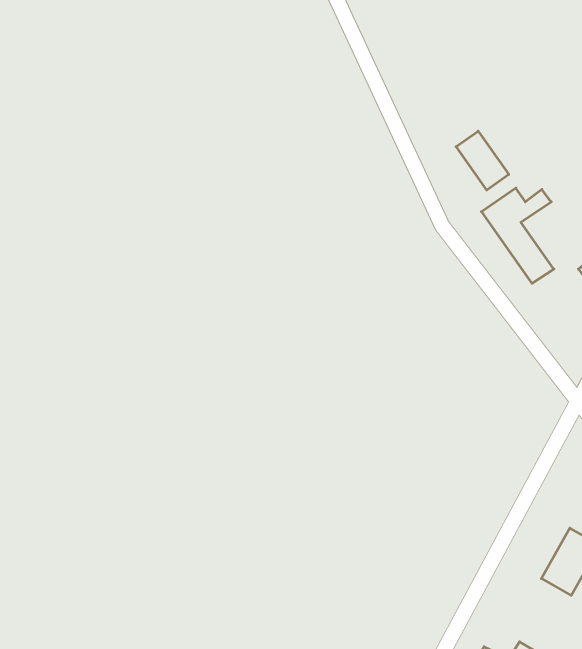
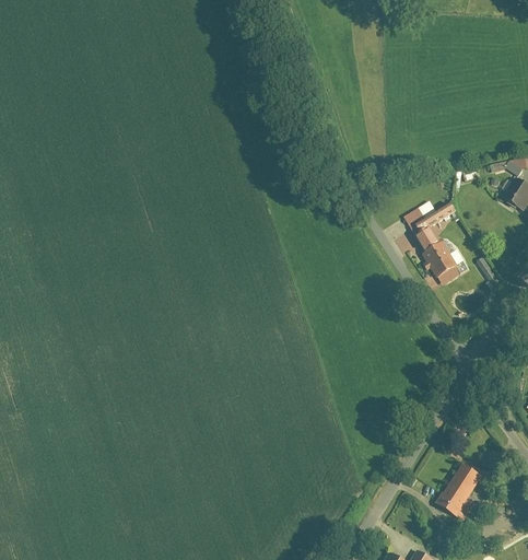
building: [456,131,509,190] -> none

